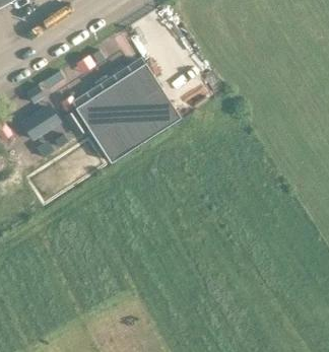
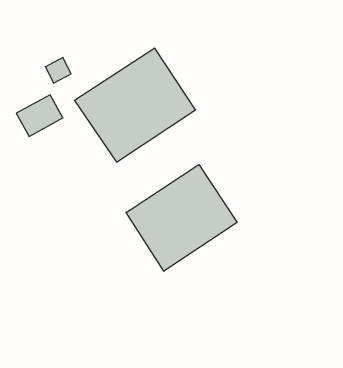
building: none -> [126,165,237,271]

